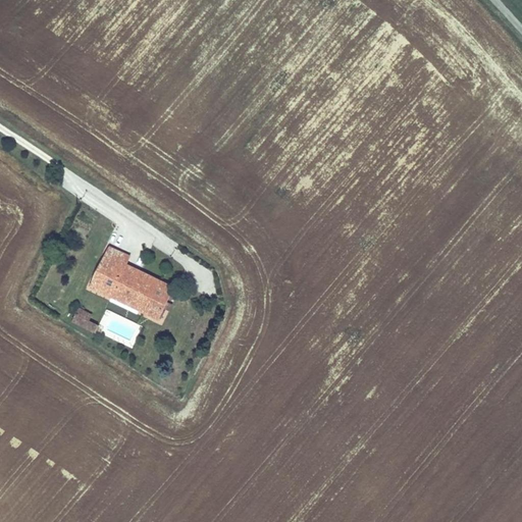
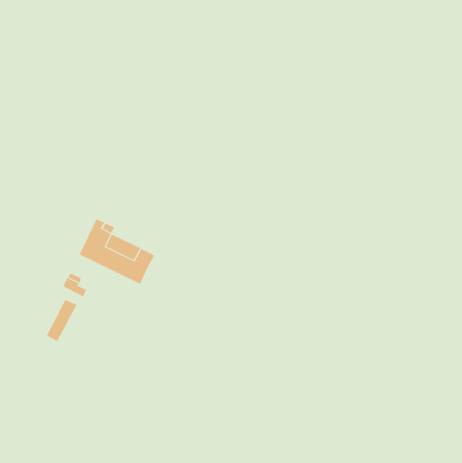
building: none -> [46,299,77,342]

